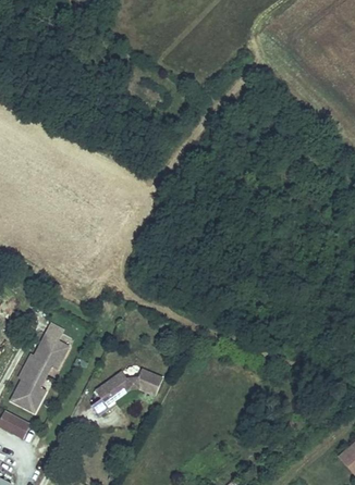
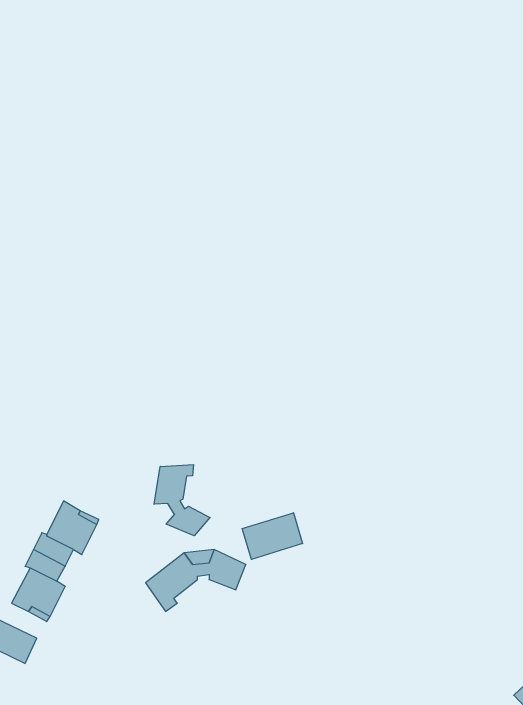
building: none -> [154,465,210,536]
building: none -> [242,513,303,559]

